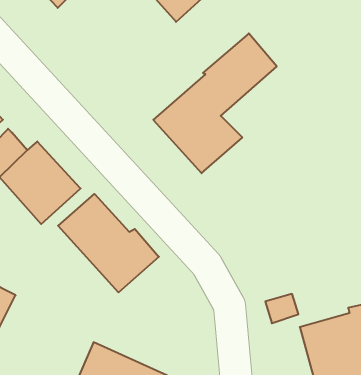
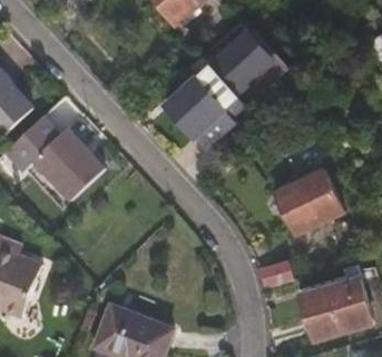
building: none -> [271,171,336,238]
building: [58,194,159,292] -> none

